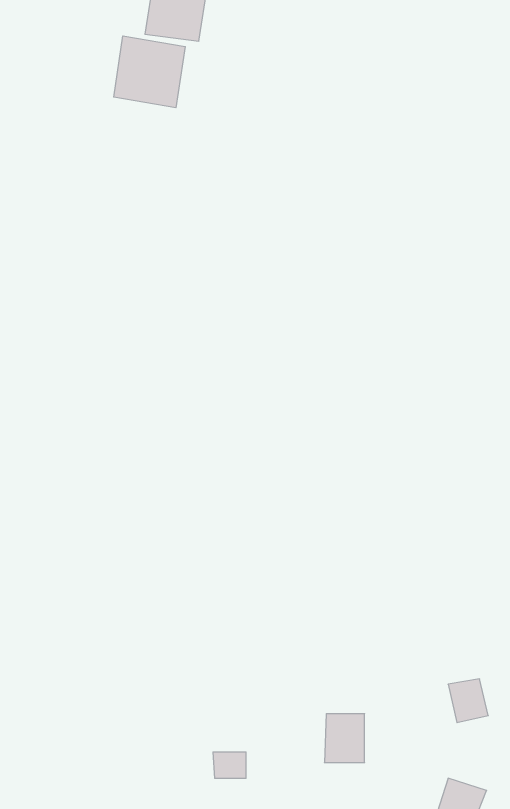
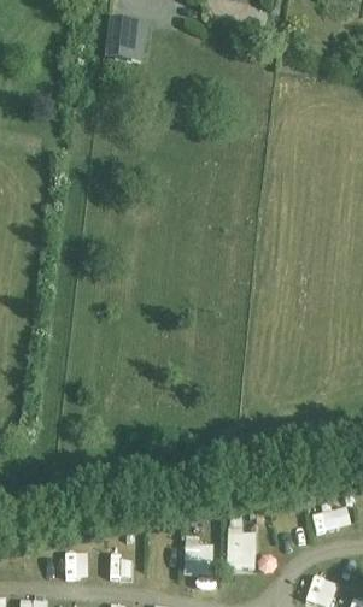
building: [114,36,185,108] -> none
building: none -> [183,543,213,574]

